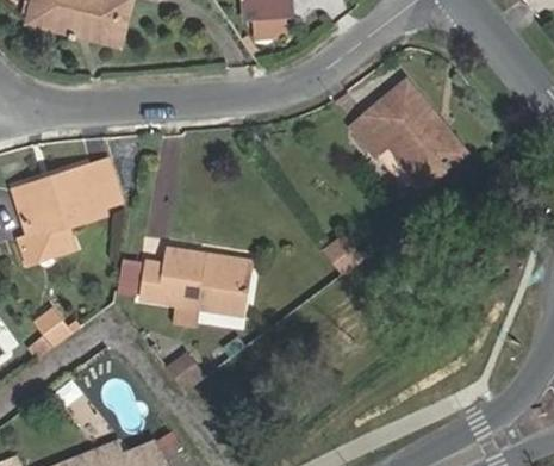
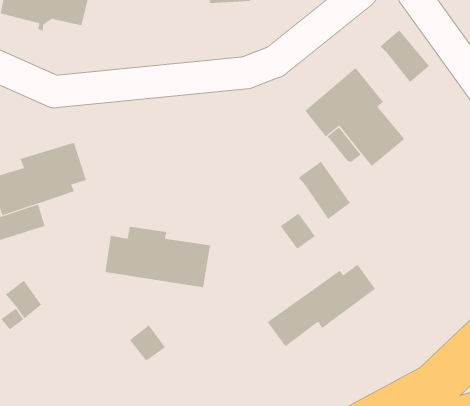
building: none -> [380,29,430,83]
building: none -> [298,161,351,220]
building: none -> [267,264,376,347]

